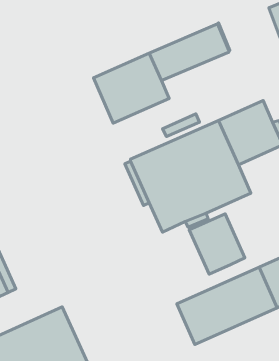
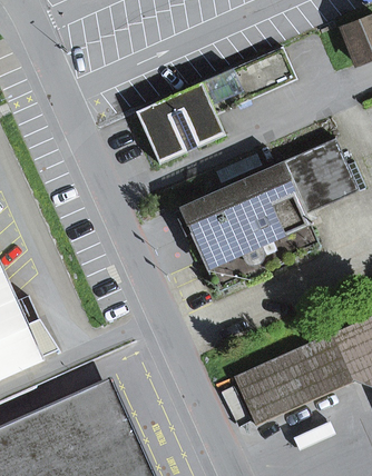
building: [189,214,245,274] -> none

